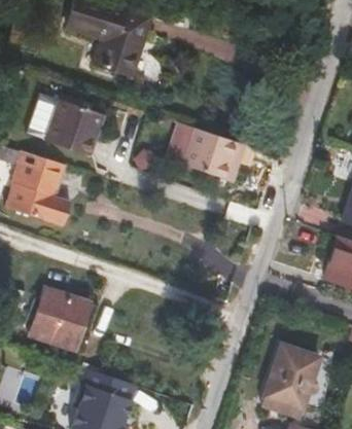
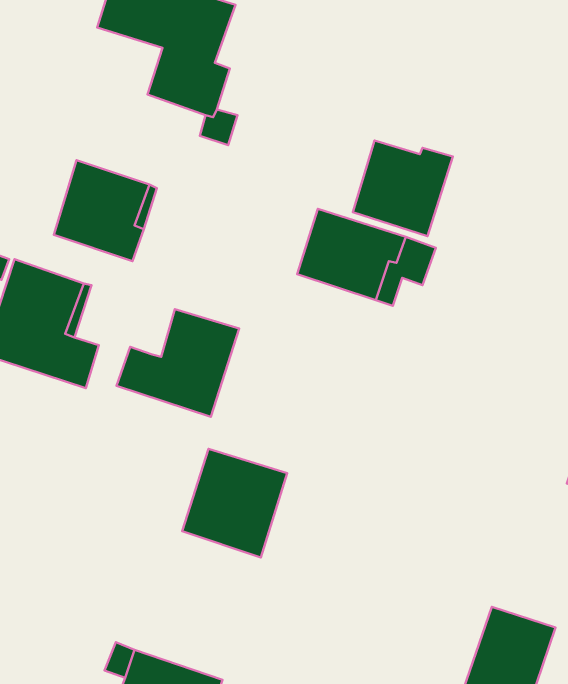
building: none -> [353,140,453,236]
building: none -> [117,309,239,417]
building: [30,289,87,349] -> [182,449,287,557]

